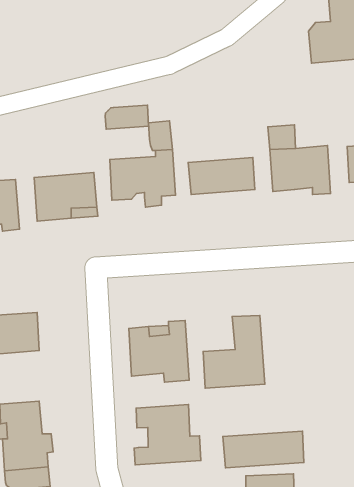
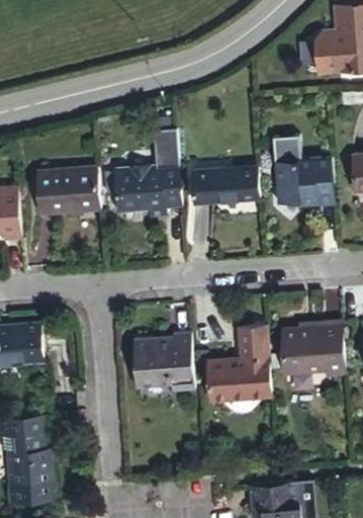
building: [105,105,149,129] -> none
building: none -> [281,321,345,376]
building: [134,404,201,465] -> none
building: [223,431,304,468] -> none

